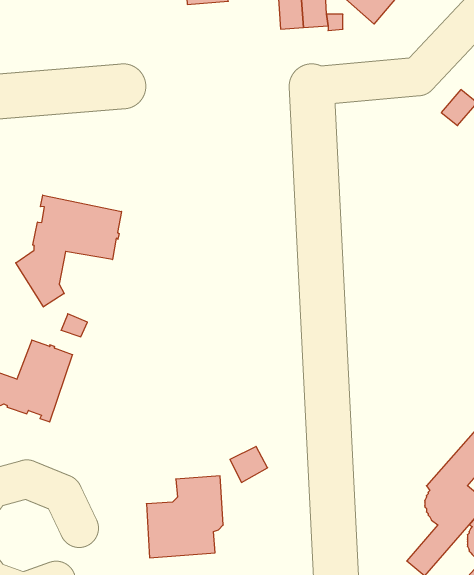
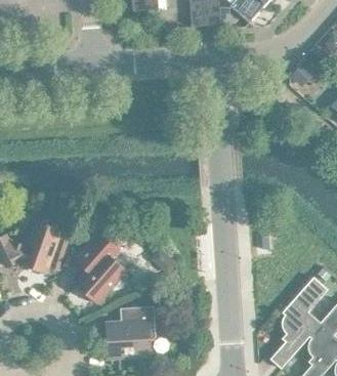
building: [16,195,121,307] -> none
building: none -> [75,232,127,302]

